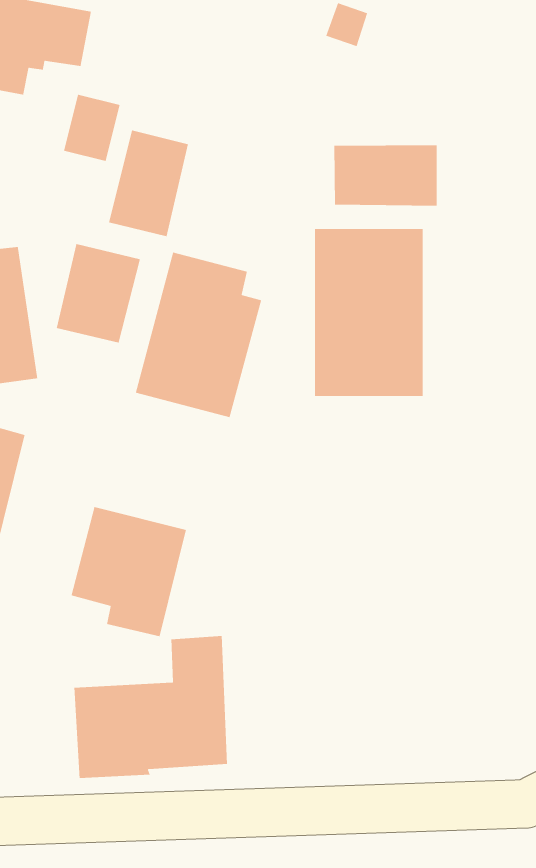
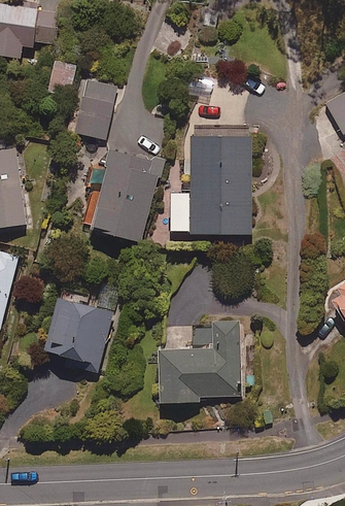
building: [334,144,437,206] -> none
building: [56,243,141,343] -> none
building: [74,635,228,779] -> [153,321,242,403]

